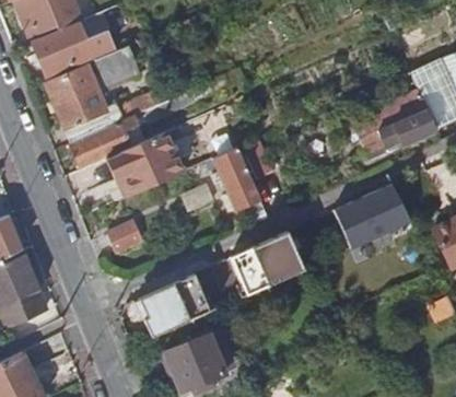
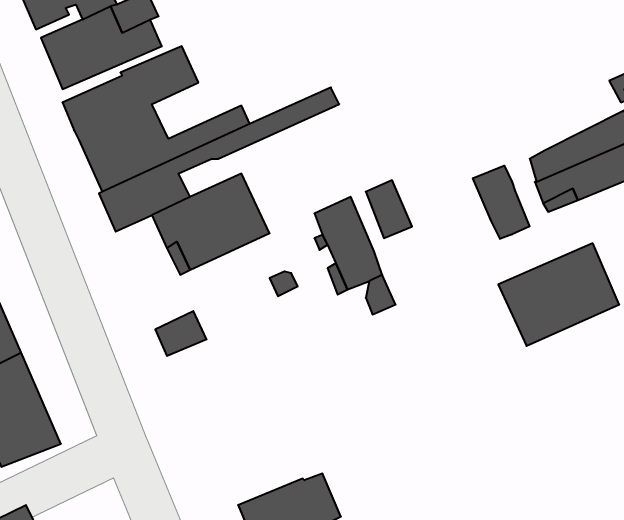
building: none -> [473,166,530,239]
building: [230,232,304,295] -> none
building: [138,273,211,338] -> none

